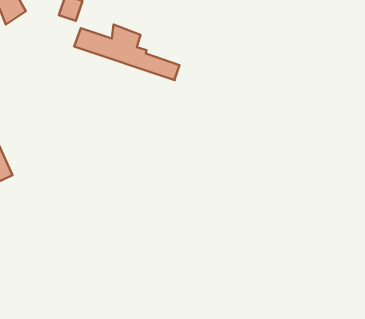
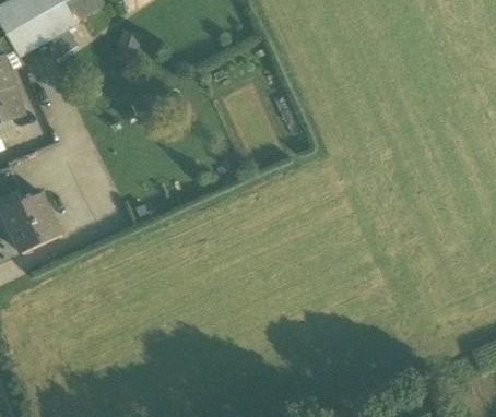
building: [74,24,180,80] -> none

